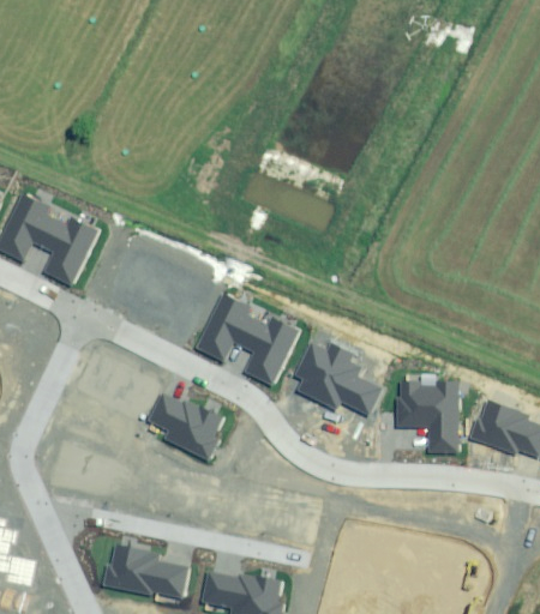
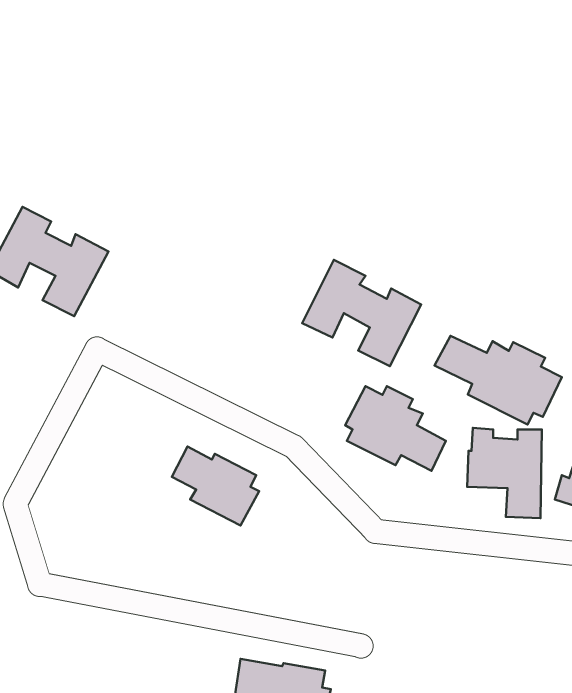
building: [199,295,299,384] -> [302,260,421,366]
building: none -> [435,336,562,424]
building: [104,546,188,595] -> none

